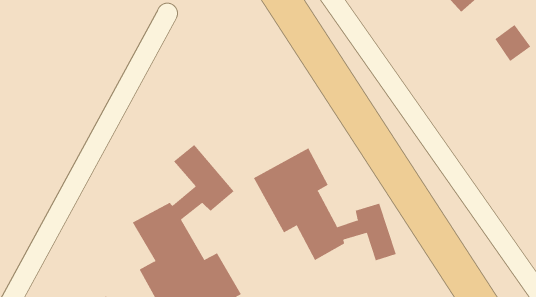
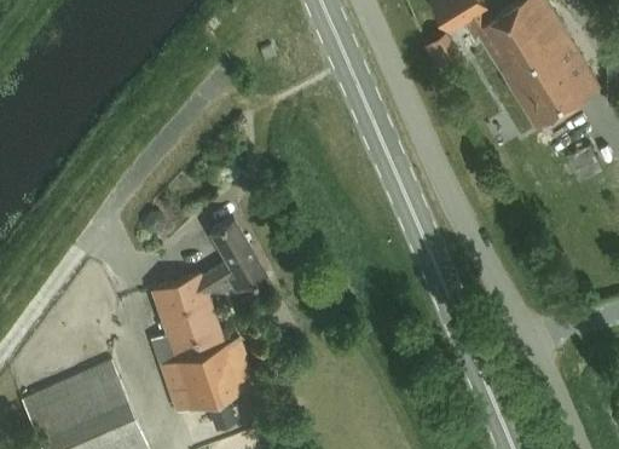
building: [253,147,397,261] -> none

